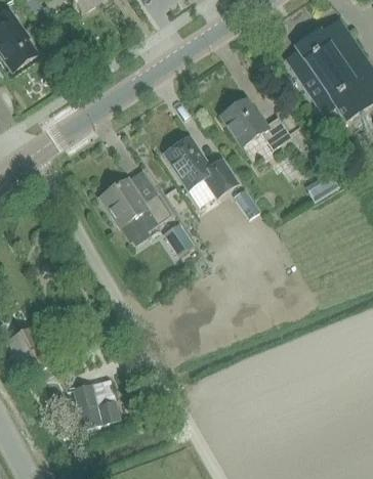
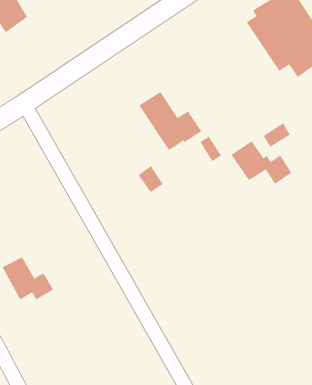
building: [220,99,291,149] -> [231,141,292,184]
building: [99,176,171,243] -> none
building: [73,383,120,427] -> none

